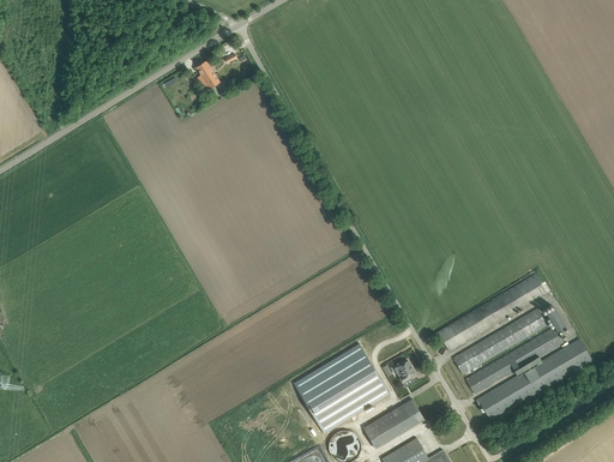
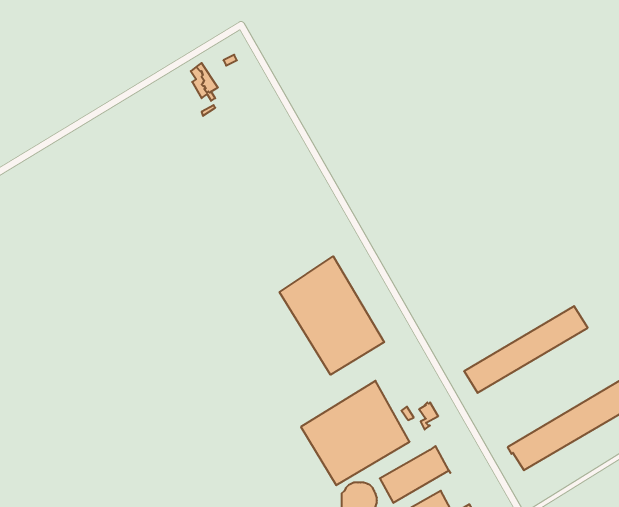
building: none -> [280,256,384,375]
building: [465,307,565,394] -> none
building: [452,308,546,374] -> none

